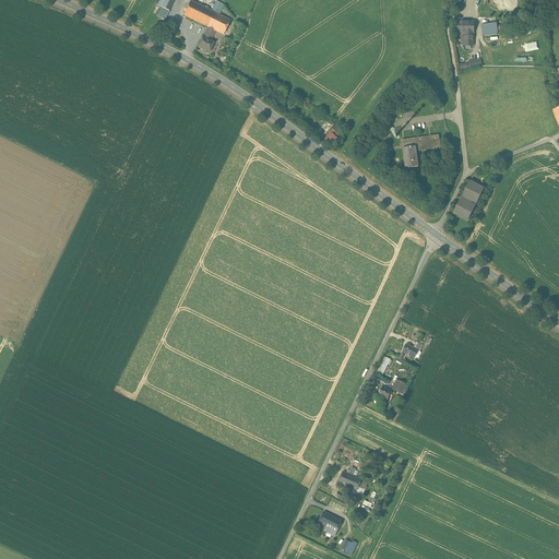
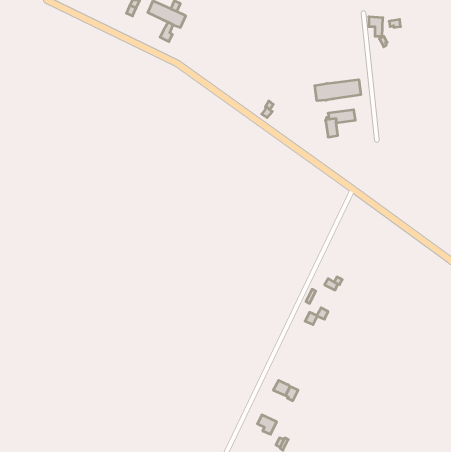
building: none -> [315,80,361,101]
building: [452,182,483,221] -> none

